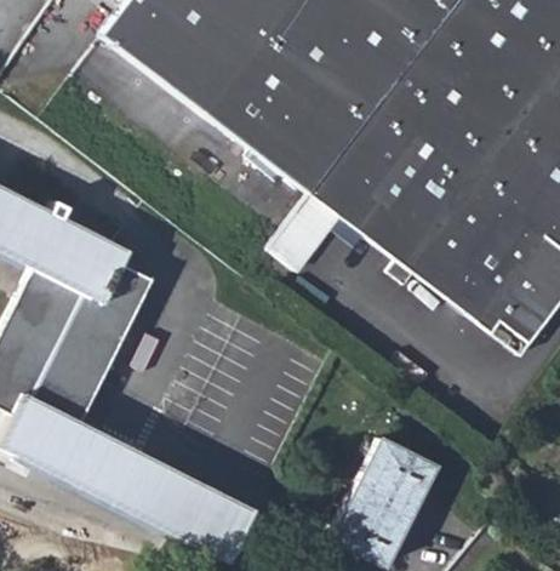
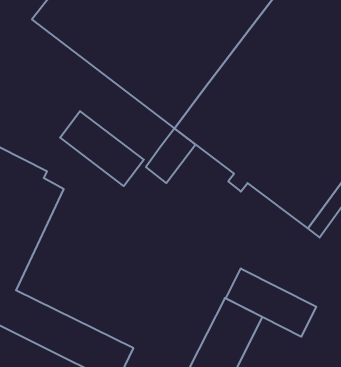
building: none -> [60,111,144,186]
building: none -> [226,268,316,337]

